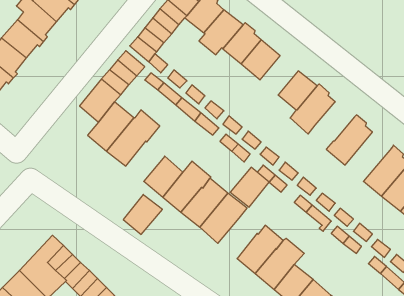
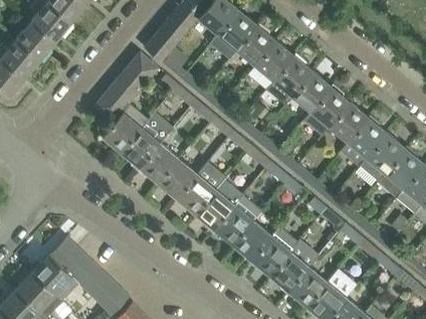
building: none -> [267,54,312,105]
building: none -> [330,104,369,143]
building: none -> [360,134,406,183]
building: [230,167,269,207] -> [232,220,271,261]
building: [123,194,162,234] -> [140,143,179,183]

